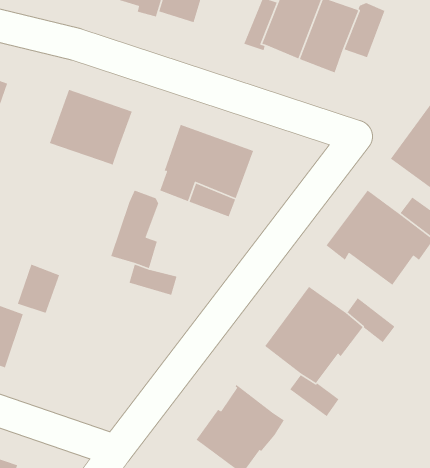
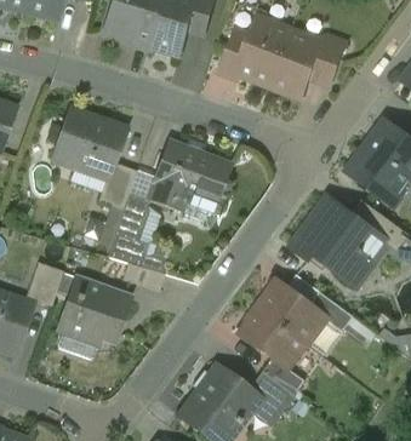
building: none -> [97,162,136,208]
building: none -> [57,279,124,359]
building: none -> [246,371,293,426]

